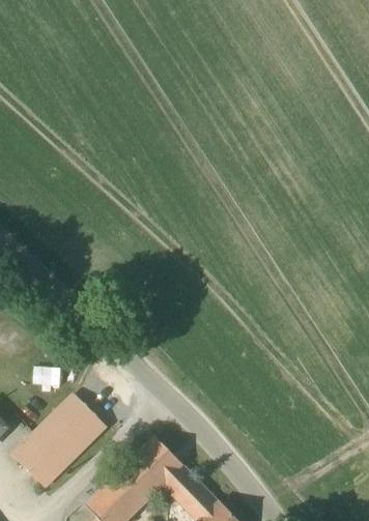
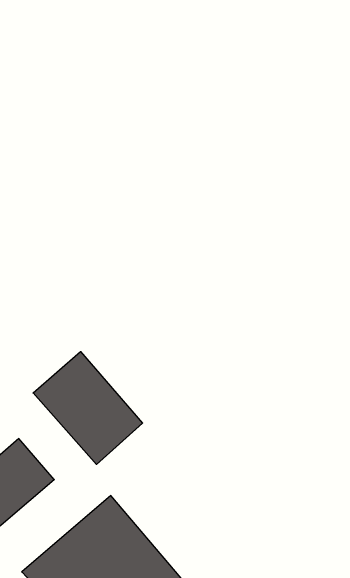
building: none -> [33,352,143,464]

